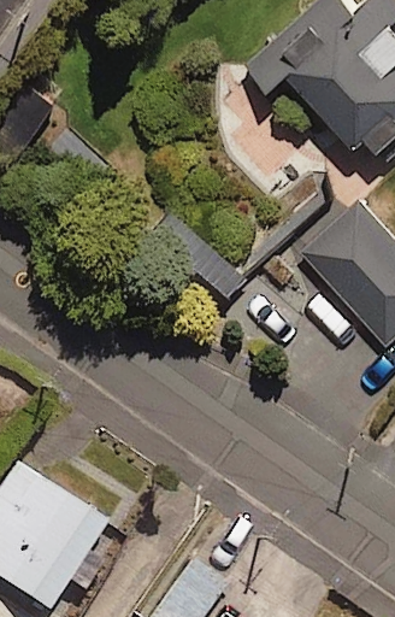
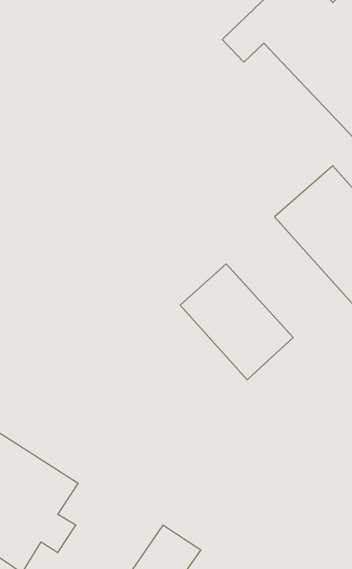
building: none -> [180,264,293,380]

